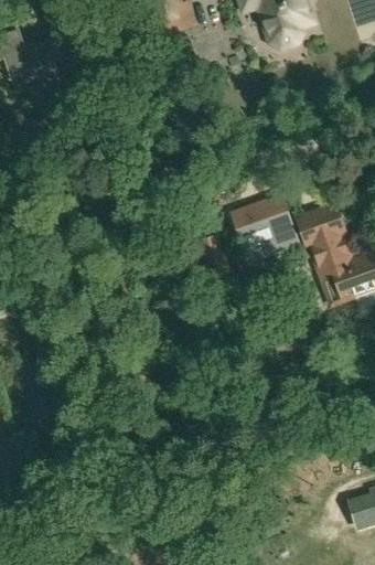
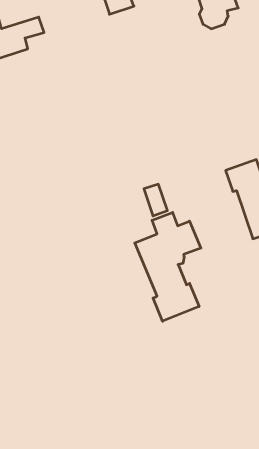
building: [227,191,298,260] -> none
building: none -> [135,212,201,321]

